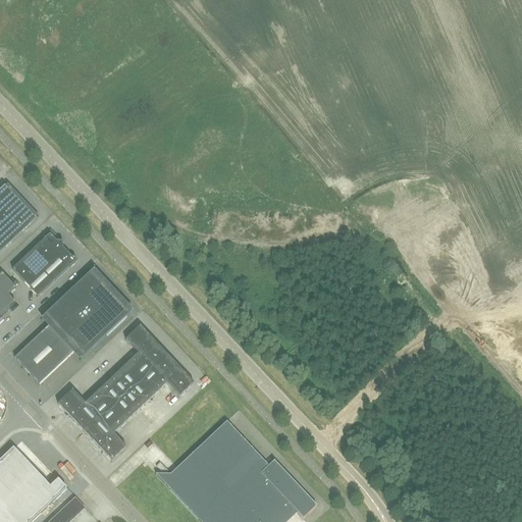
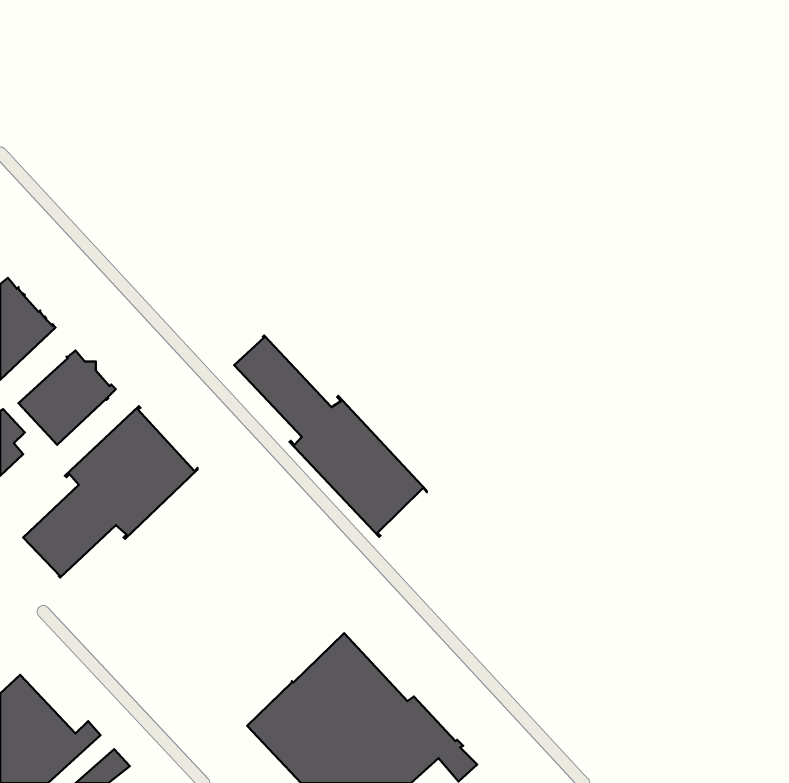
building: none -> [234,336,427,537]
building: [58,323,195,458] -> none

